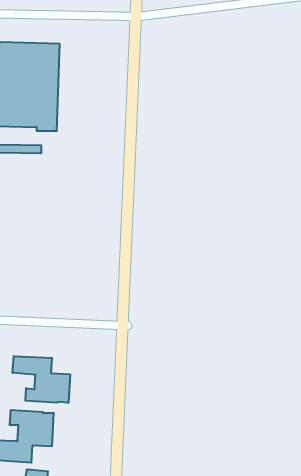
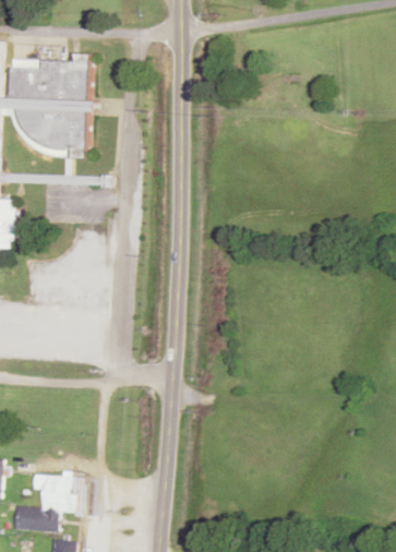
building: [13,356,70,403] -> none

